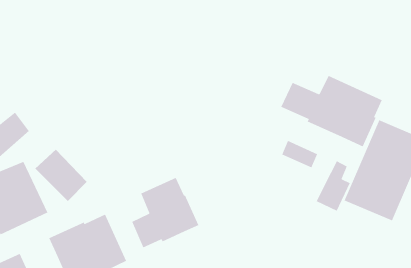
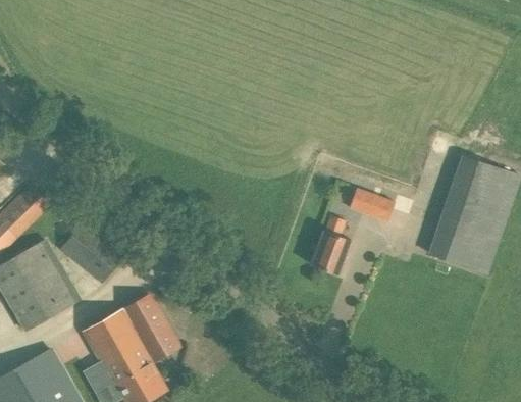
building: [280,75,383,148] -> none
building: [316,160,351,212] -> [310,214,350,275]
building: [131,177,200,249] -> none

